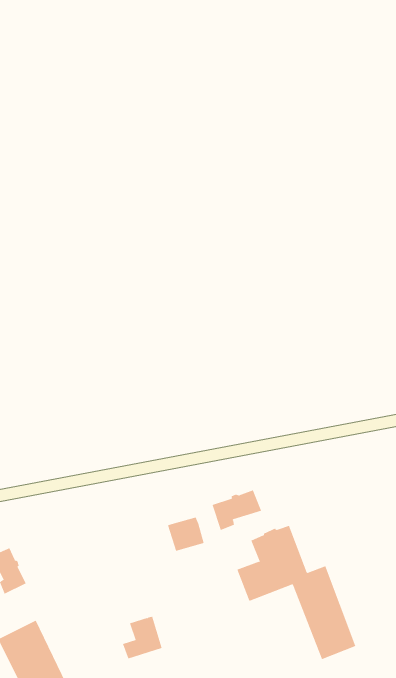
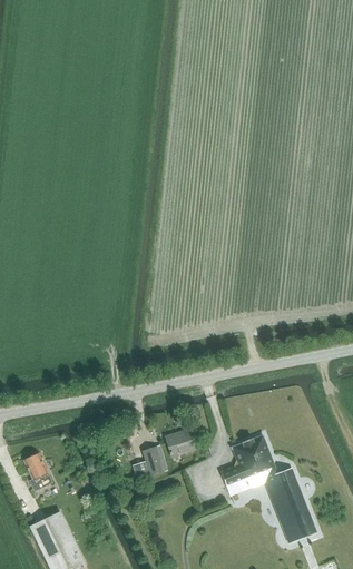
building: [212,489,262,531] -> none
building: [122,616,163,659] -> [136,444,168,479]

